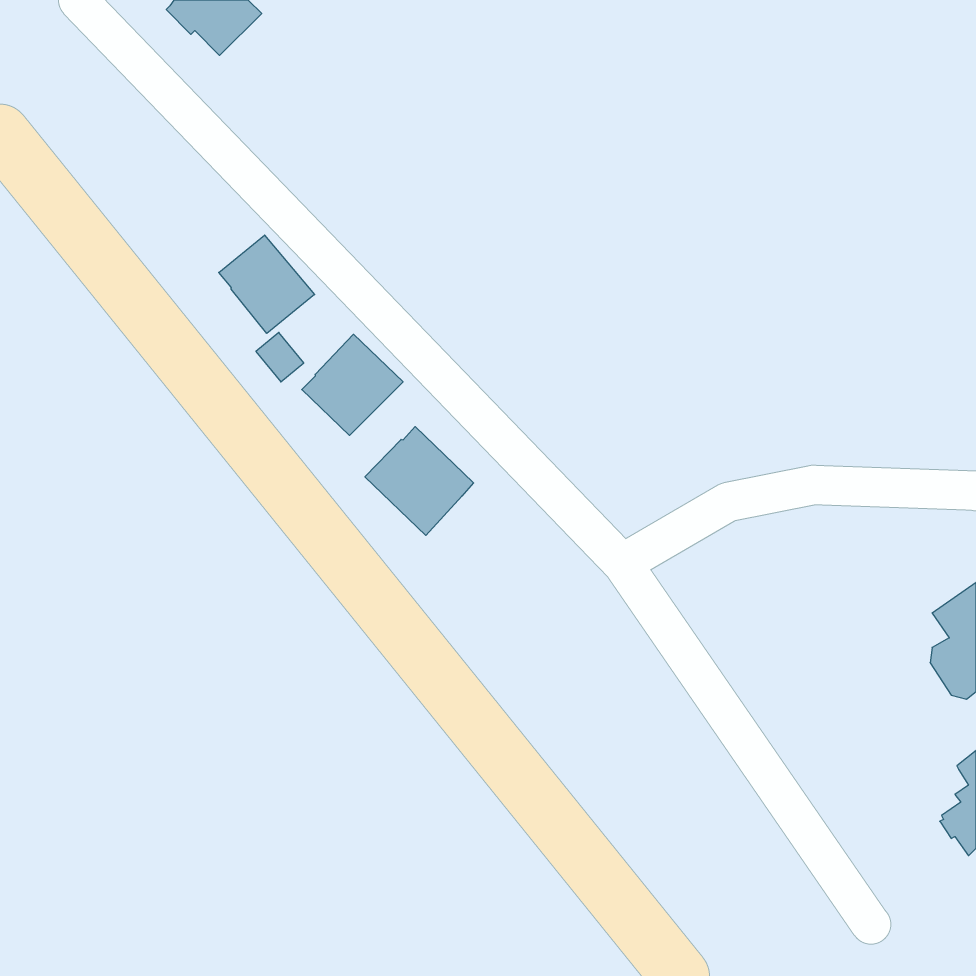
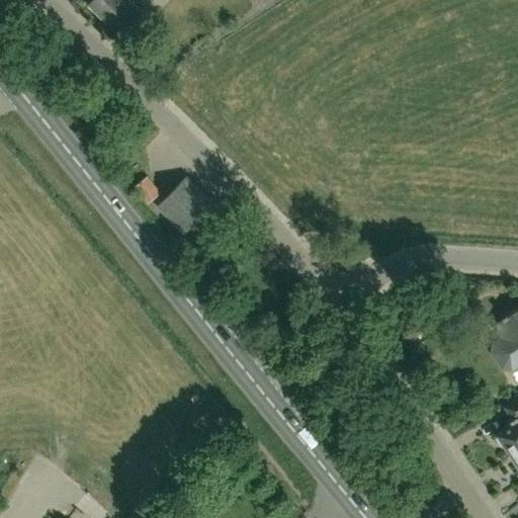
building: [219,235,315,333] -> none
building: [365,427,474,535] -> none

